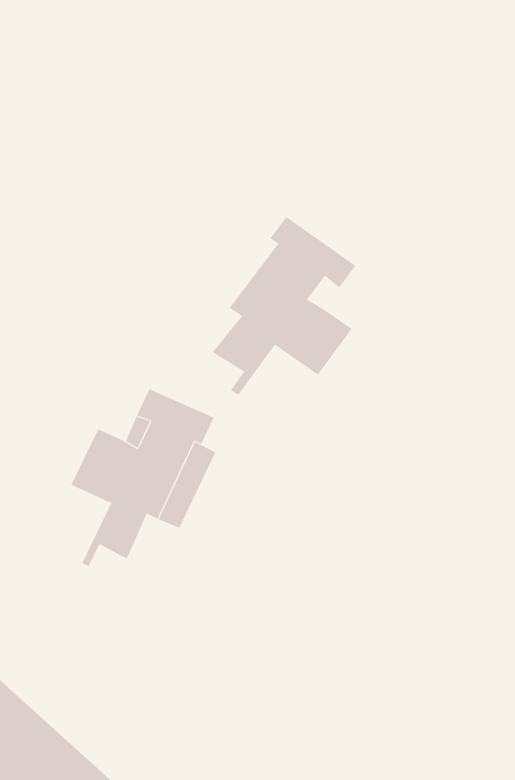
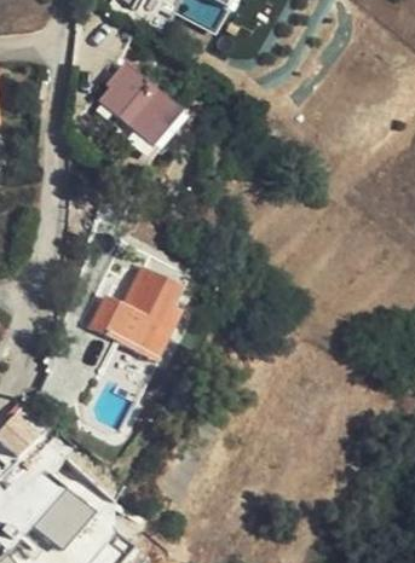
building: none -> [92,60,177,141]
building: [212,216,356,396] -> none

